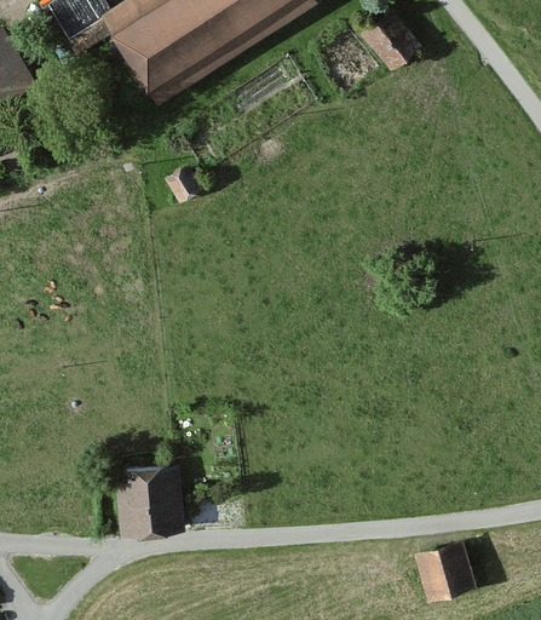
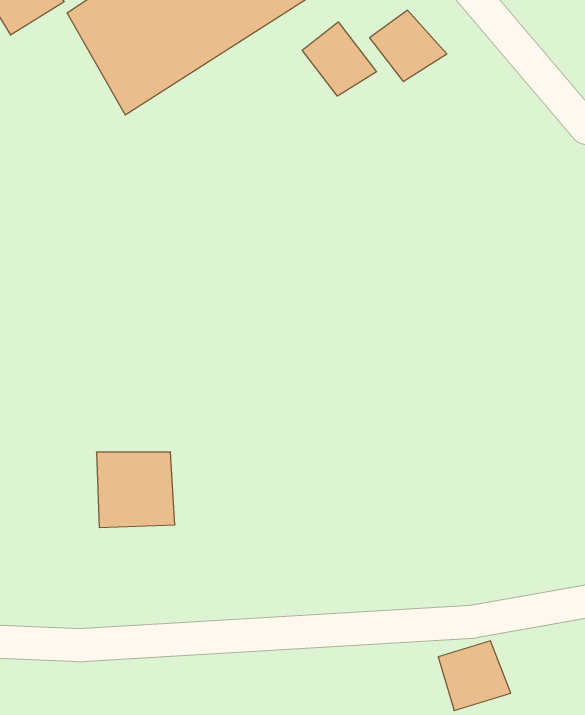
building: none -> [302,22,376,96]
building: [115,473,180,536] -> [96,452,175,528]

